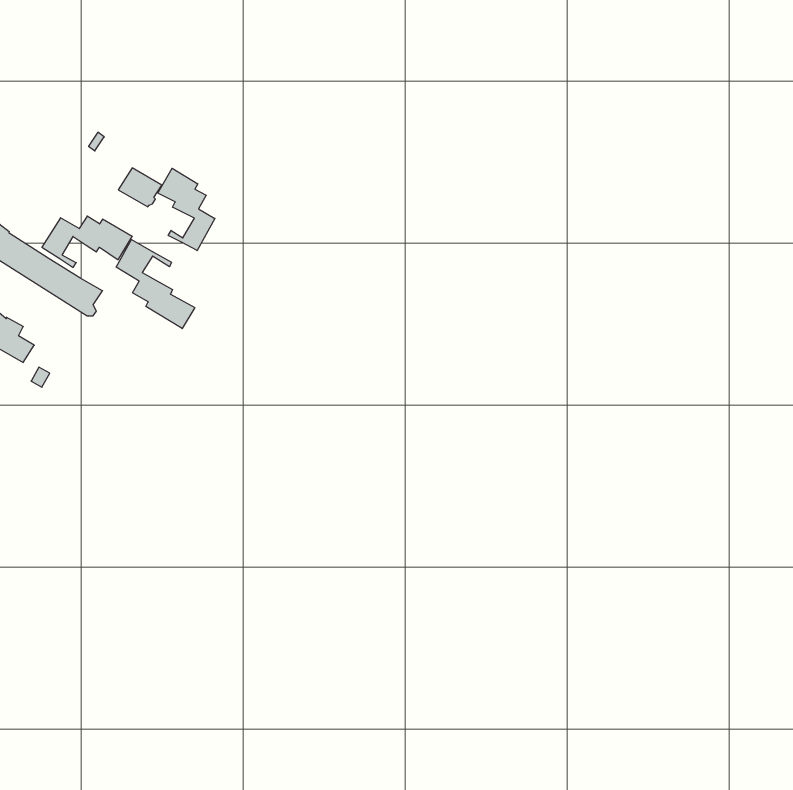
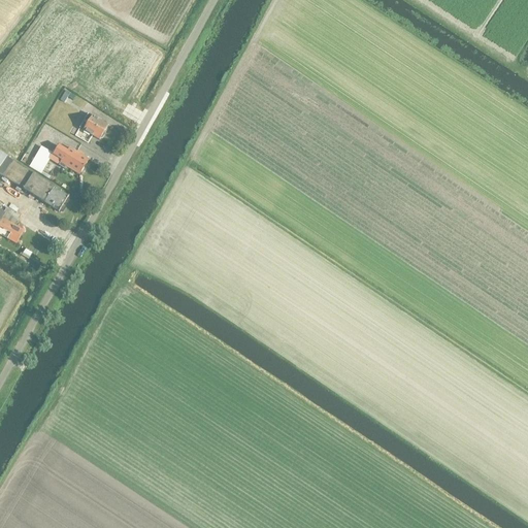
building: [158,168,215,251] -> none
building: [116,240,195,329] -> none

